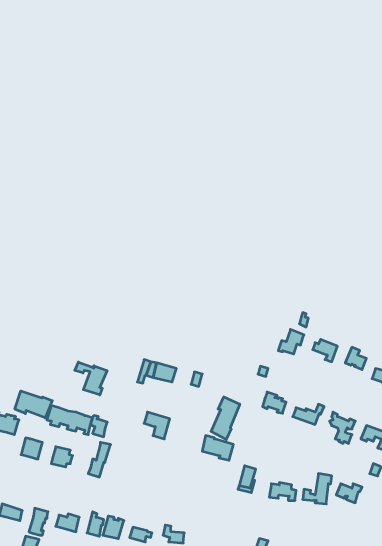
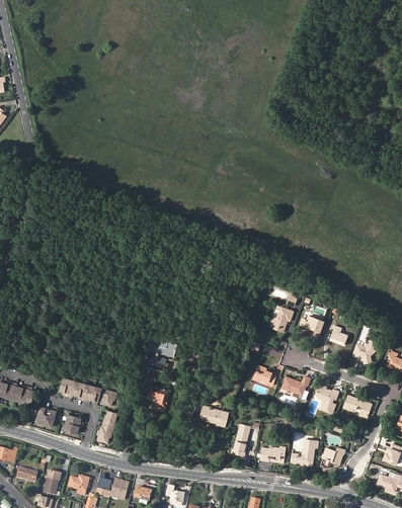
building: [75,362,107,395] -> none
building: [15,391,52,418] -> none
building: [211,397,240,440] -> none

